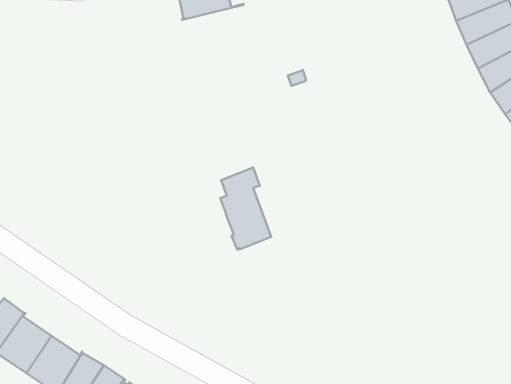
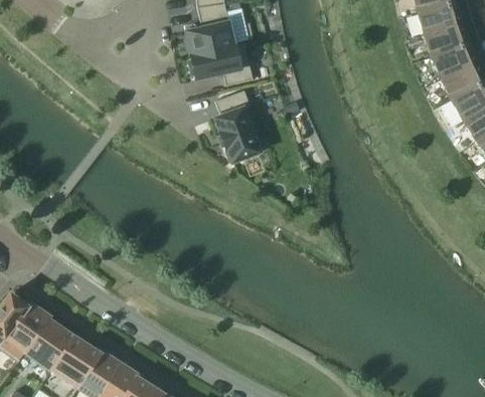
building: none -> [186,43,252,85]
building: [220,168,271,249] -> [213,90,259,163]

